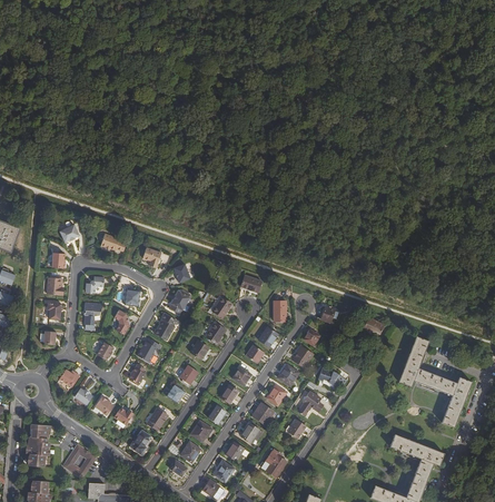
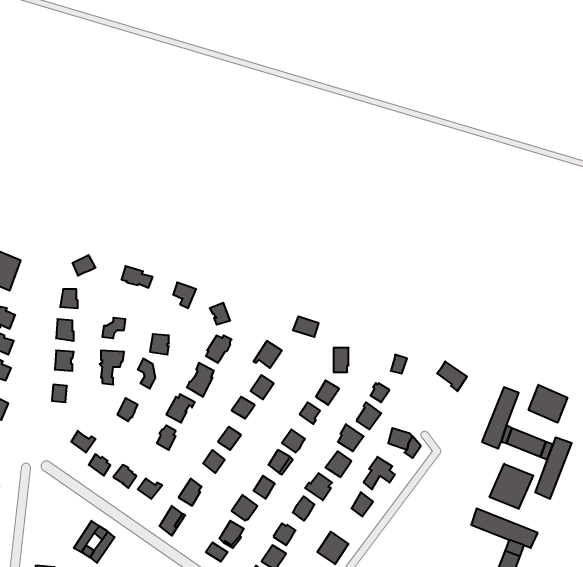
building: none -> [529,385,567,423]
building: none -> [490,464,533,509]
building: [27,422,48,465] -> none

